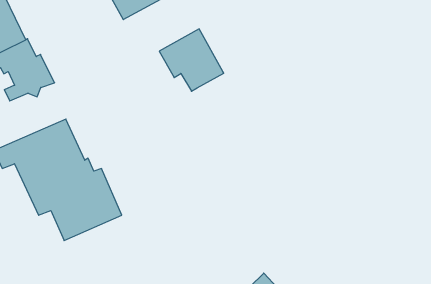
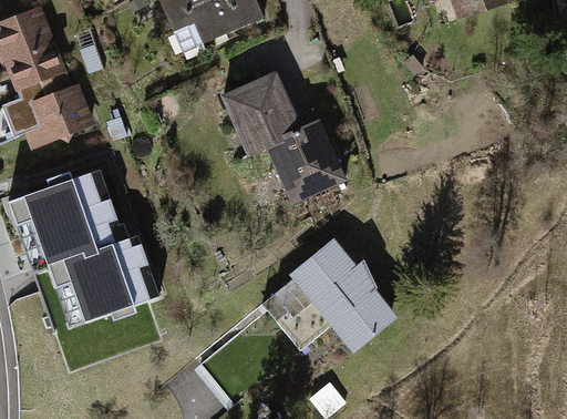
building: none -> [266,119,344,198]
building: none -> [261,245,391,350]

